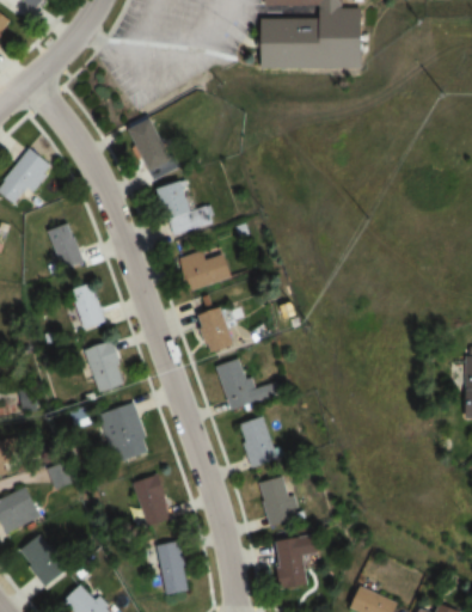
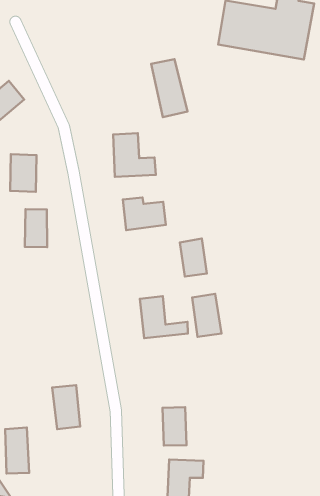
building: [127,114,176,180] -> [151,59,187,117]
building: [197,307,233,353] -> [180,238,207,276]
building: [82,342,124,391] -> none
building: [103,402,148,460] -> none
building: [237,416,276,467] -> [192,294,222,337]
building: [155,539,190,594] -> [5,427,29,473]

